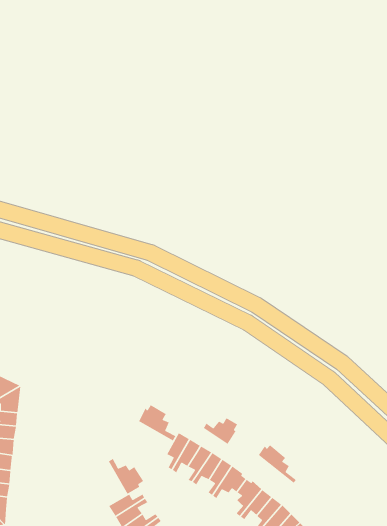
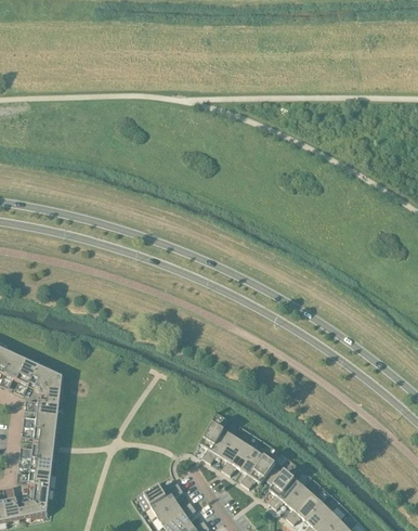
building: [138,404,177,441] -> none
building: [203,417,238,445] -> none
building: [258,444,297,484] -> none
building: [108,458,144,495] -> none

